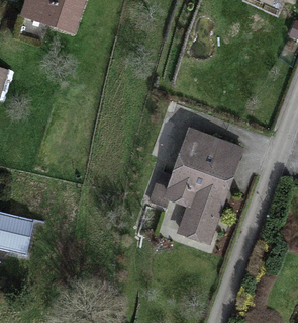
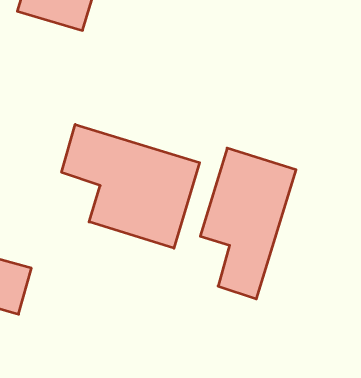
building: none -> [62,124,200,248]

